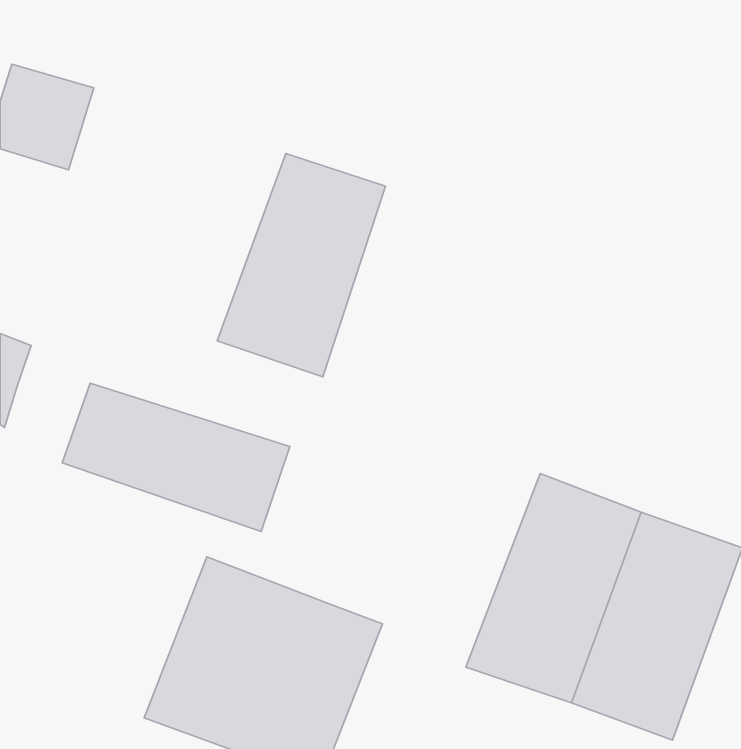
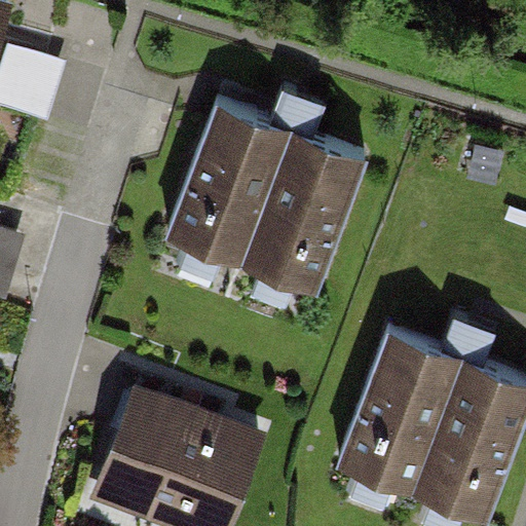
building: none -> [236,137,354,293]
building: [62,383,290,531] -> none

